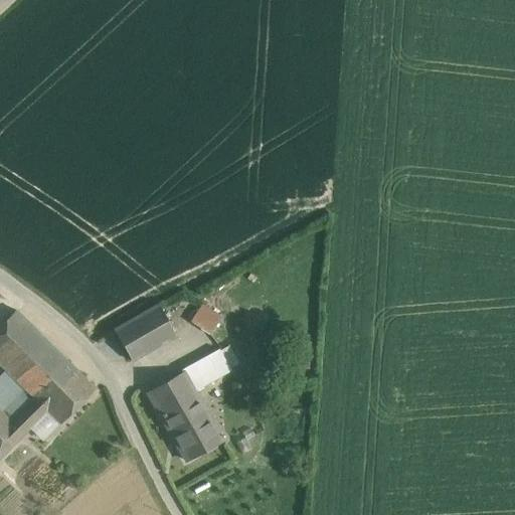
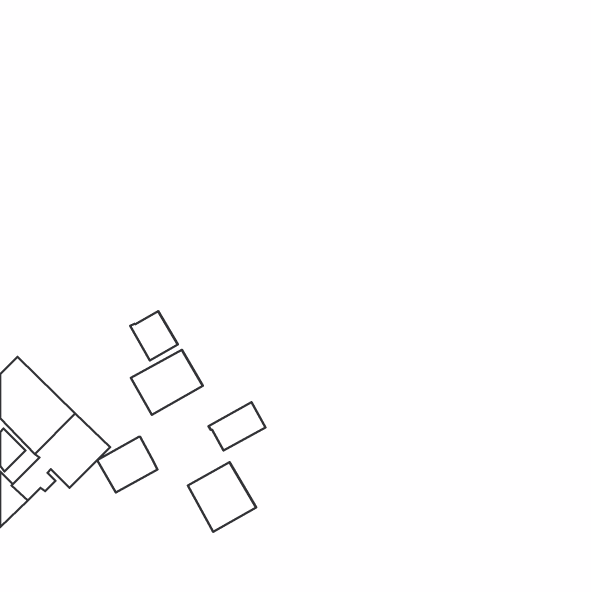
building: none -> [130,311,178,361]
building: [191,303,222,335] -> none
building: [148,373,200,421] -> [97,437,157,493]

